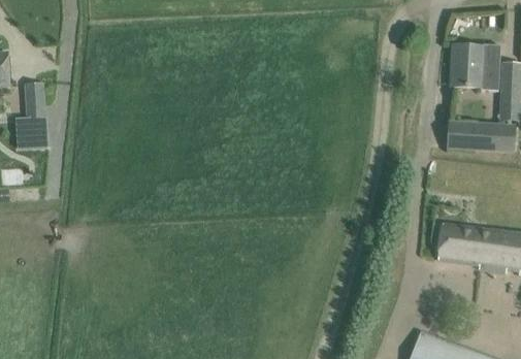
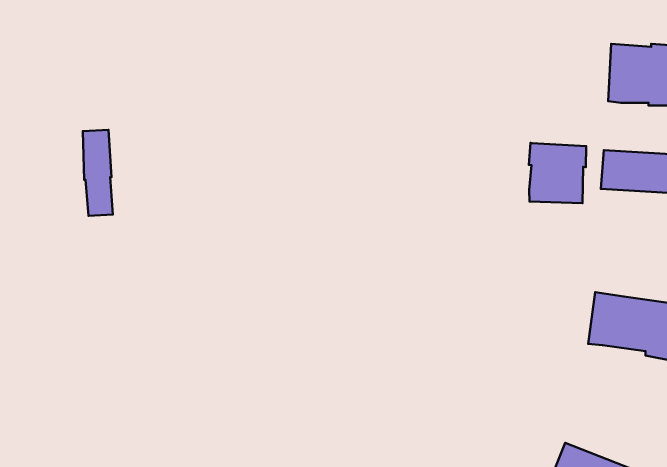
building: [25,83,46,144] -> [83,130,113,216]
building: none -> [529,143,586,203]

